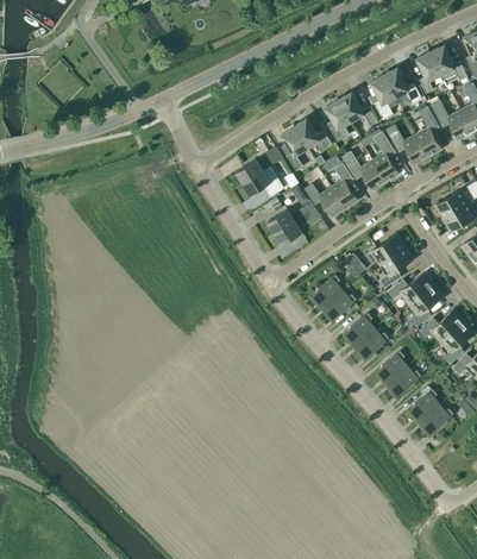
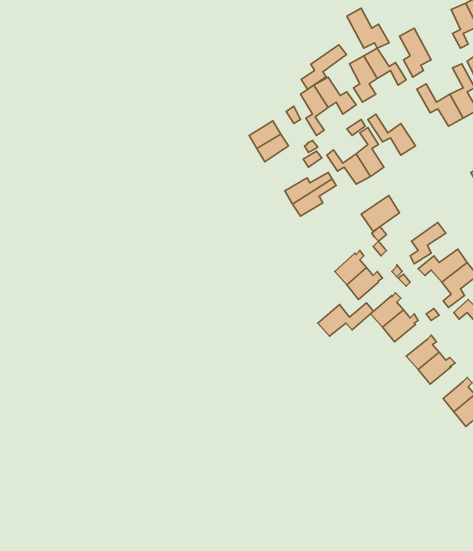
building: [384,68,422,103] -> [347,8,389,48]
building: none -> [301,45,346,89]
building: [372,132,398,181] -> none
building: [371,234,406,266] -> [361,196,399,231]
building: none -> [318,303,374,336]

